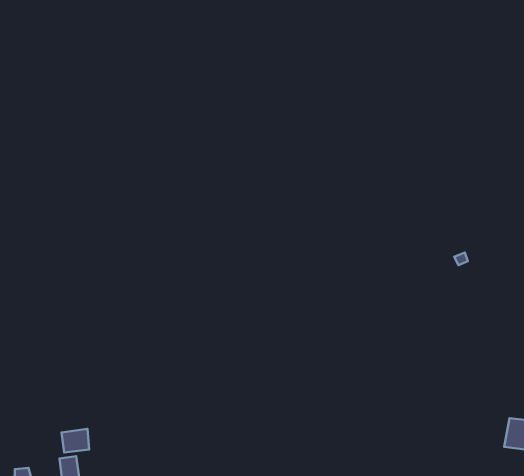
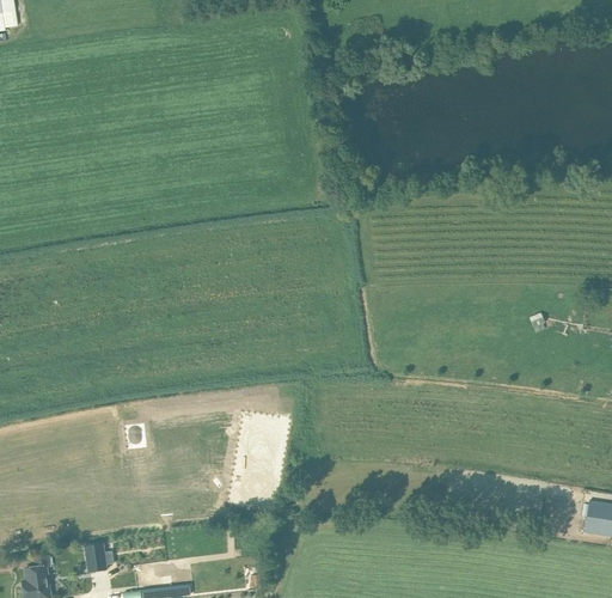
building: [61,429,89,453] -> none

